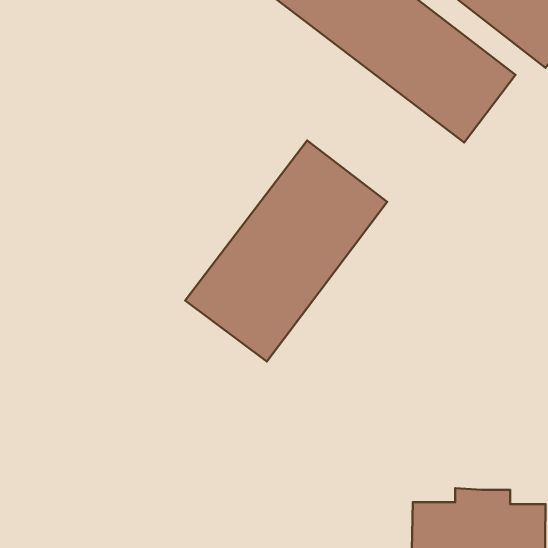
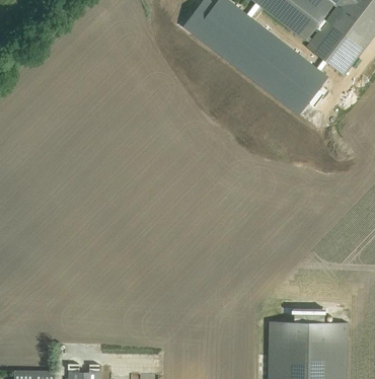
building: [185,141,387,361] -> none

